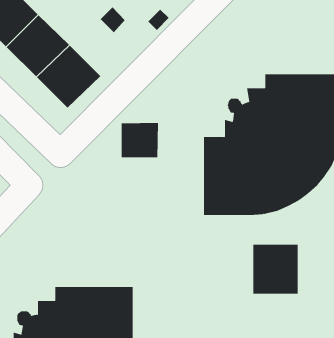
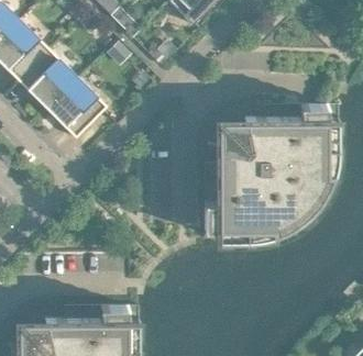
building: [121,122,159,158] -> none
building: [253,244,298,294] -> none

